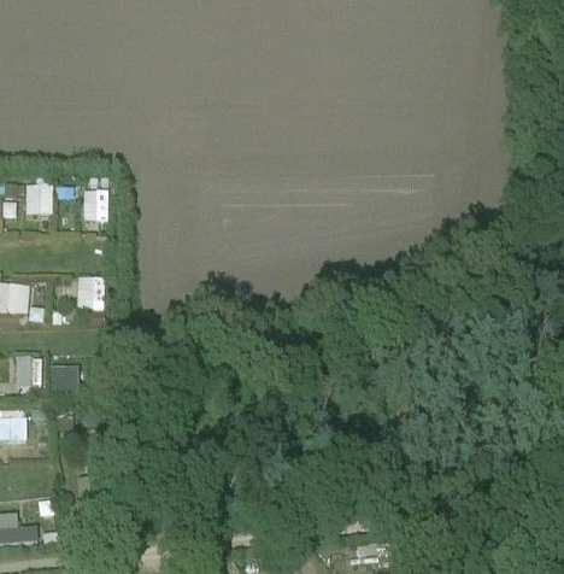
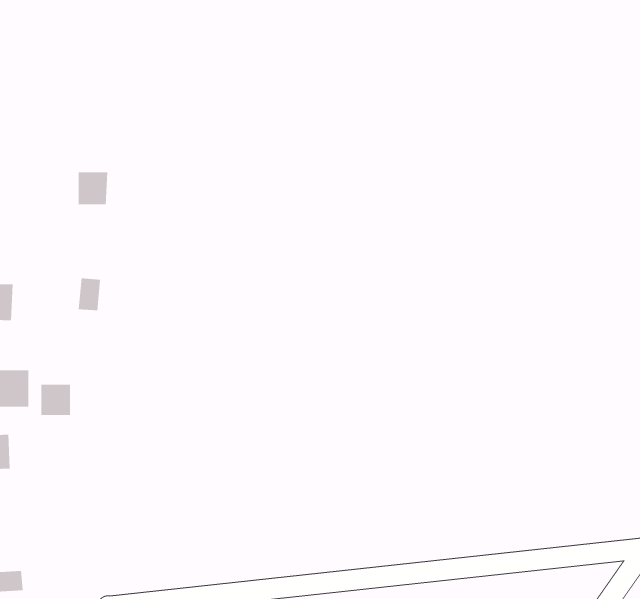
building: [25,182,53,215] -> none

